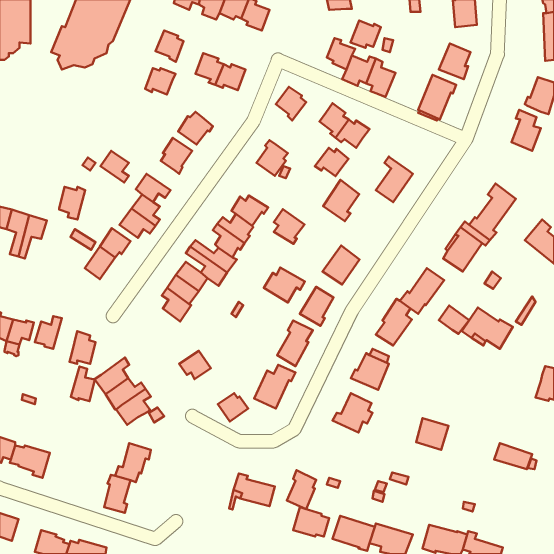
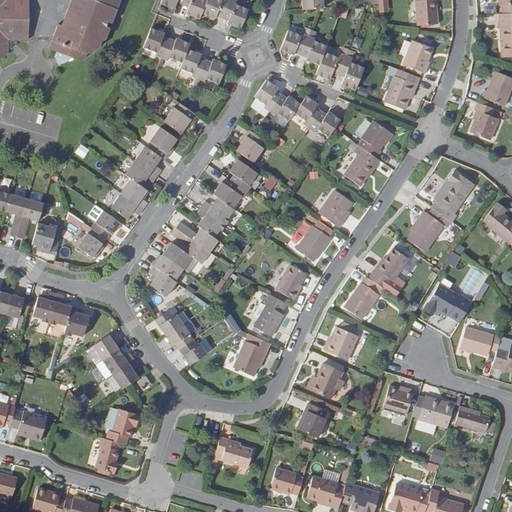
building: [350,21,381,48] -> [280,29,308,54]
building: [145,68,176,94] -> [162,38,190,62]
building: none -> [359,120,391,157]
building: [315,148,349,176] -> [269,94,300,120]
building: [100,151,129,182] -> [135,146,161,175]
building: [323,180,359,221] -> [320,190,353,228]
building: [59,187,85,219] -> [32,223,56,253]
building: [274,209,304,244] -> [229,159,257,191]
building: [264,268,305,302] -> none
building: [439,305,469,334] -> none
building: none -> [154,309,183,335]
building: none -> [461,327,502,355]
building: [71,367,95,401] -> [49,293,71,325]
building: [218,393,248,422] -> [179,339,207,365]
building: none -> [419,396,454,428]
building: [287,470,316,509] -> [299,401,326,437]

